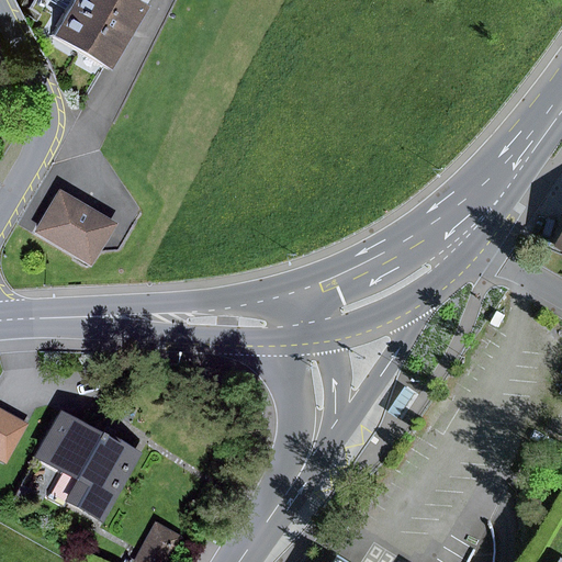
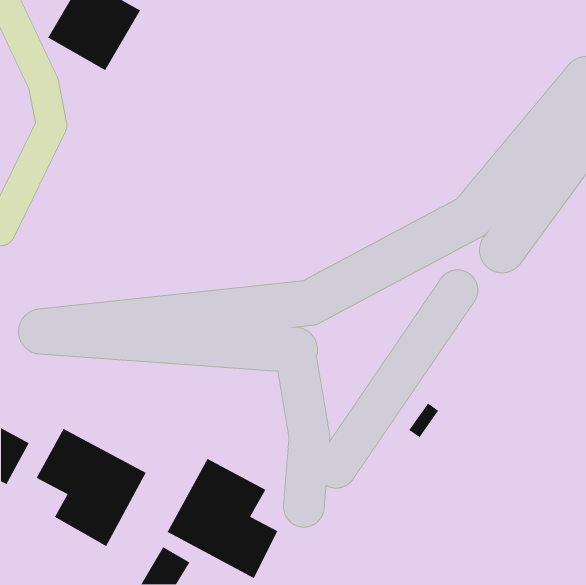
building: [35,186,117,262] -> none
building: none -> [167,458,278,579]

